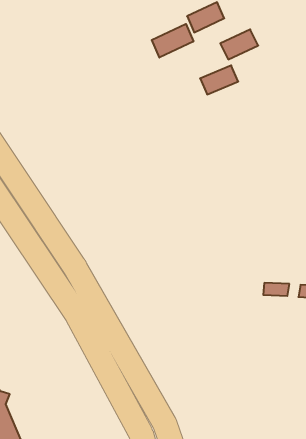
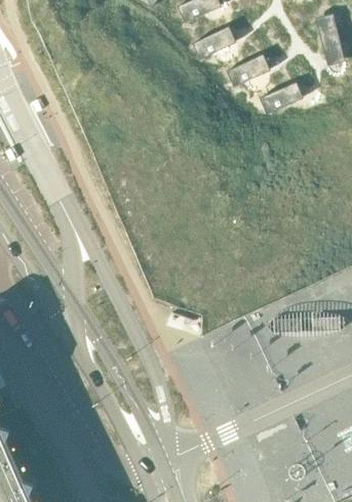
building: [152,24,193,58] -> none
building: [200,65,238,94] -> [261,84,300,114]

